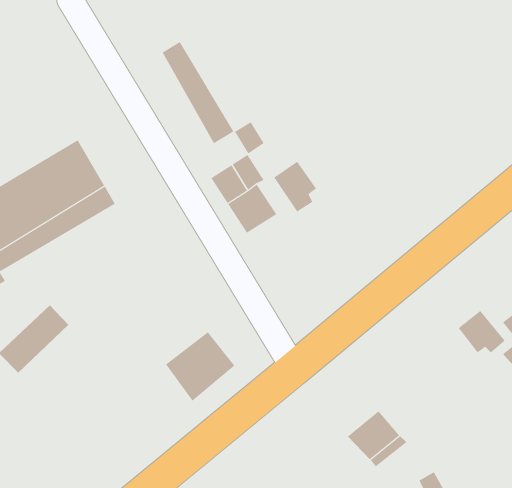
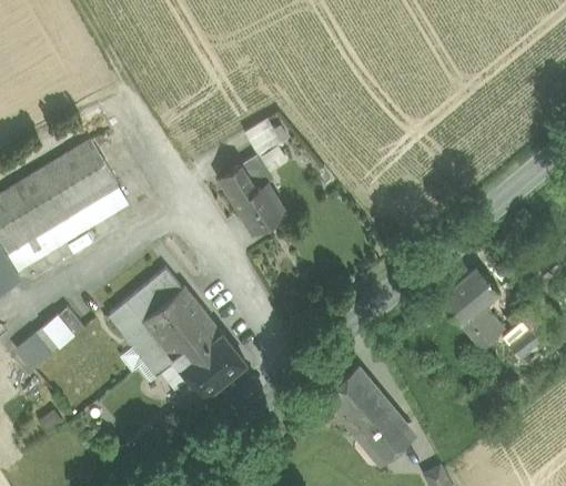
building: [162,41,234,144] -> none
building: [274,161,317,212] -> none
building: none -> [441,269,499,326]
building: none -> [110,271,218,375]
building: none -> [324,371,386,433]

